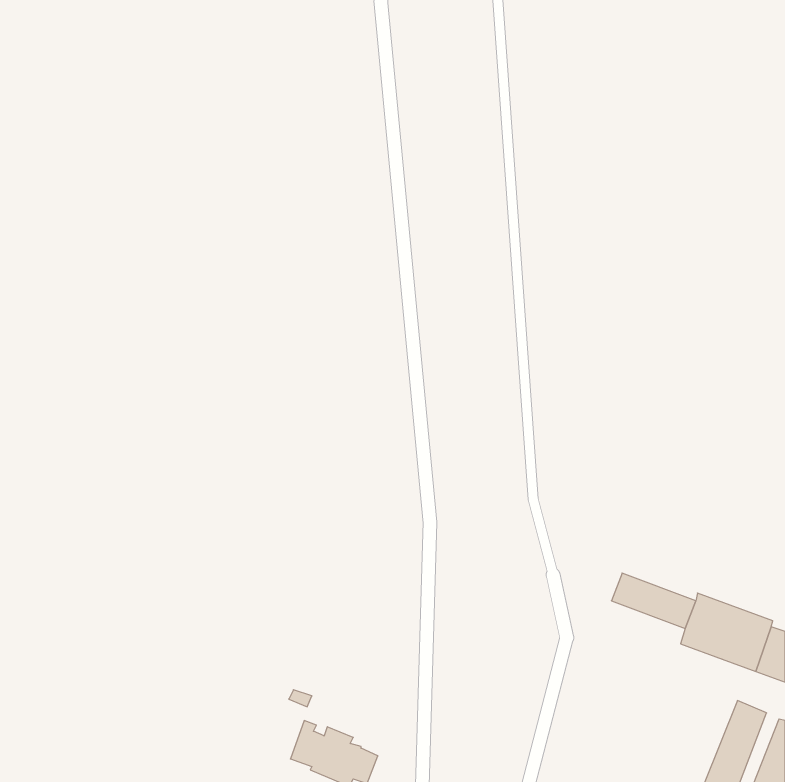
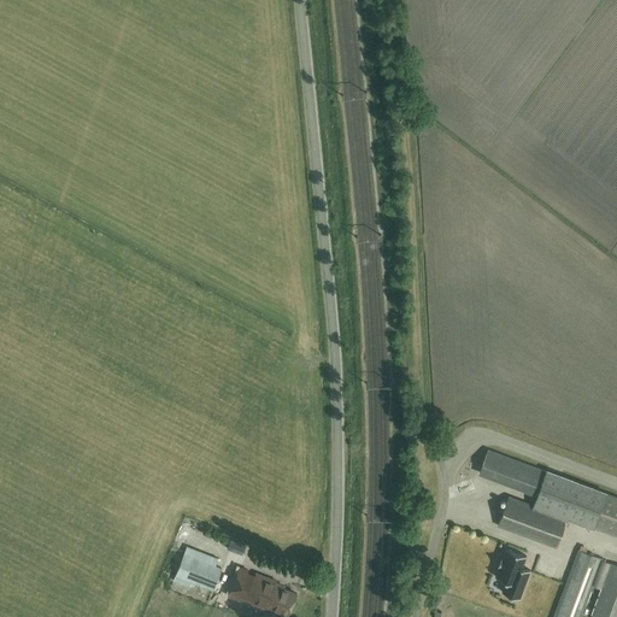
building: none -> [496,498,566,550]
building: none -> [176,550,221,592]
building: none -> [495,551,530,600]

